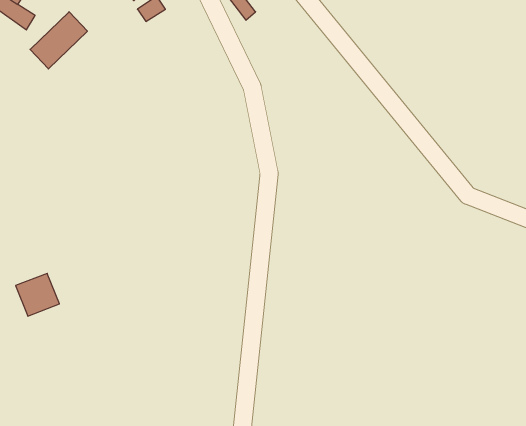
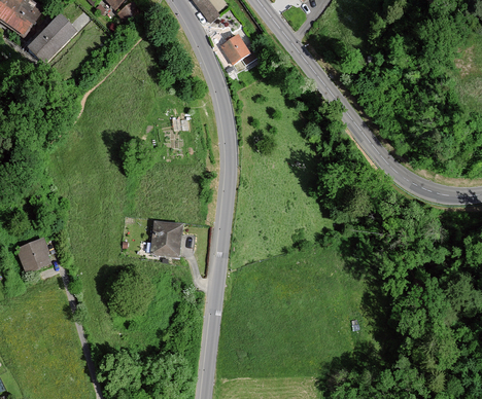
building: none -> [221,35,249,64]
building: none -> [149,220,181,255]

